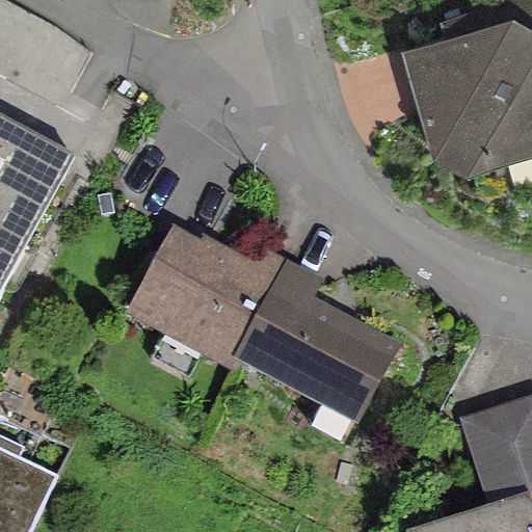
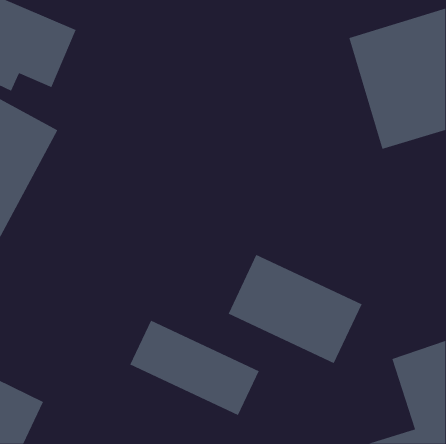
building: [147,243,285,364] -> none
building: none -> [130,320,259,416]

